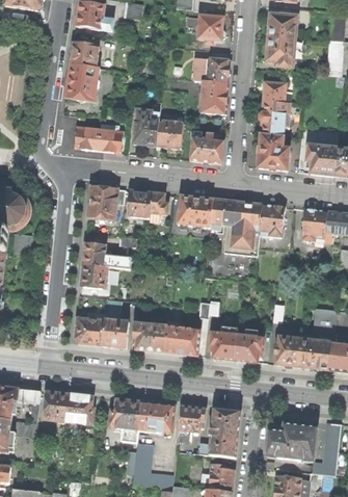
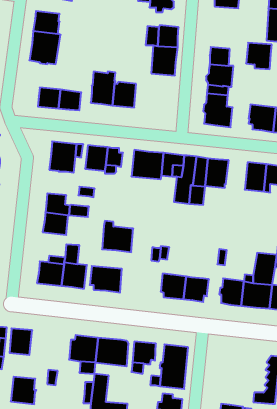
building: [267,37,295,67] -> [246,43,272,69]
building: [190,133,223,163] -> none
building: [165,321,199,356] -> [102,221,133,252]
building: [65,394,93,424] -> [11,377,36,404]
building: [267,423,317,461] -> none

